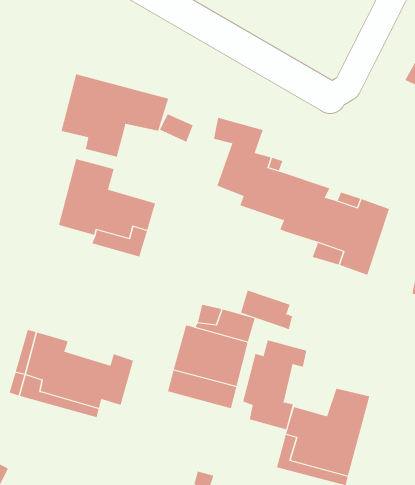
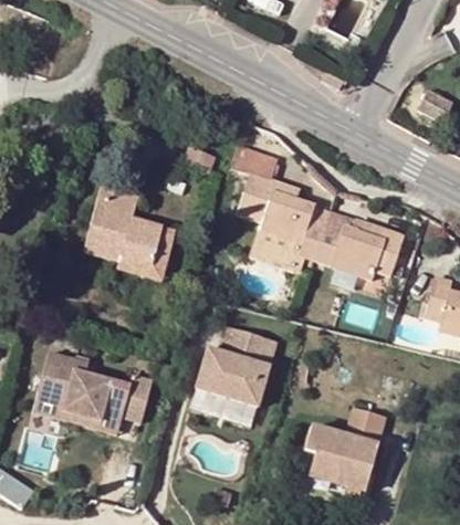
building: [61,74,169,157] -> none
building: [240,290,293,330] -> [251,231,302,270]
building: [242,339,307,430] -> none

